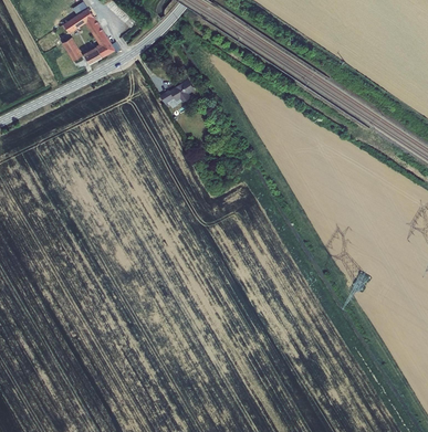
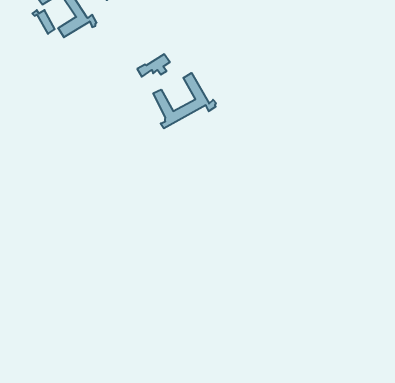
building: none -> [153,73,216,128]

